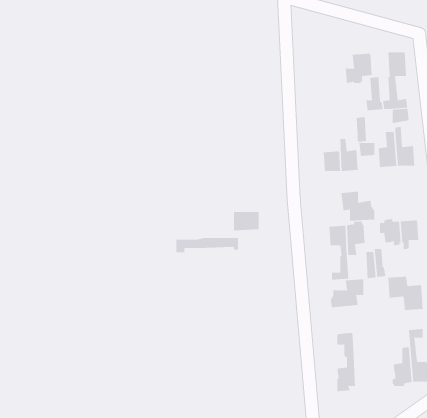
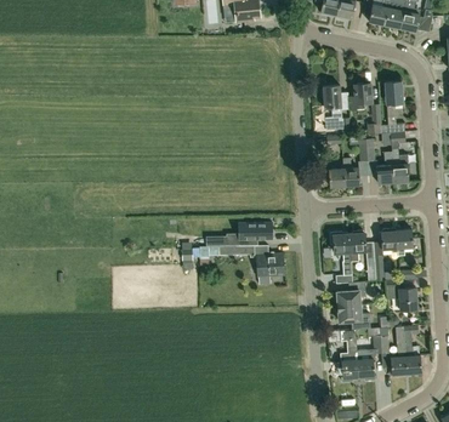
building: none -> [323,85,349,135]
building: [341,191,375,221] -> none
building: none -> [257,253,284,284]
building: none -> [336,304,370,329]
building: none -> [357,335,380,378]

